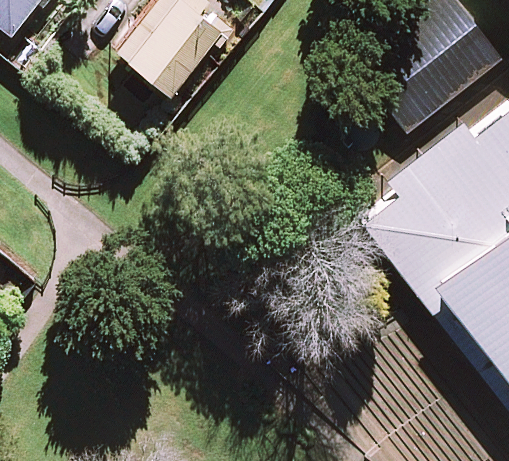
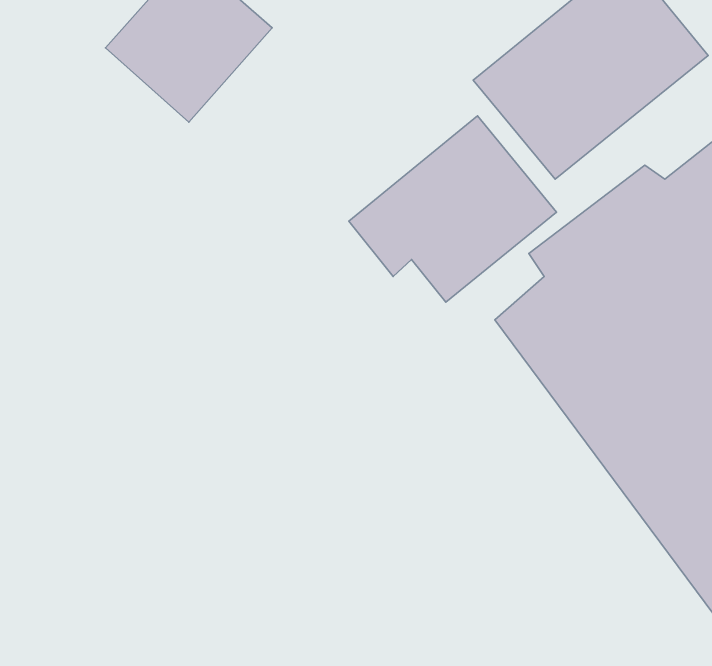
building: none -> [349,116,556,302]

